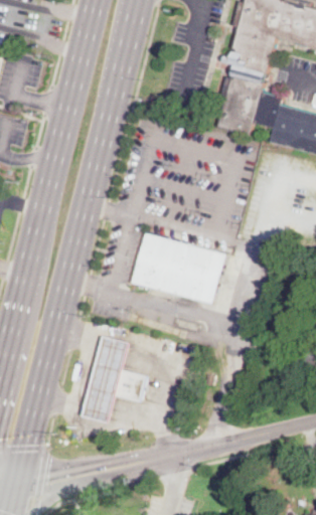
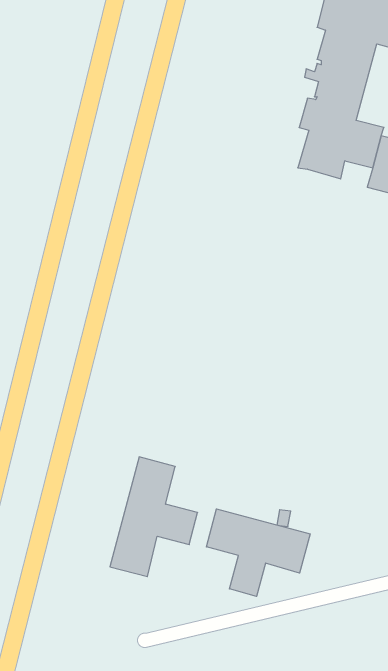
building: [130,232,224,304] -> none
building: none -> [206,509,310,596]

